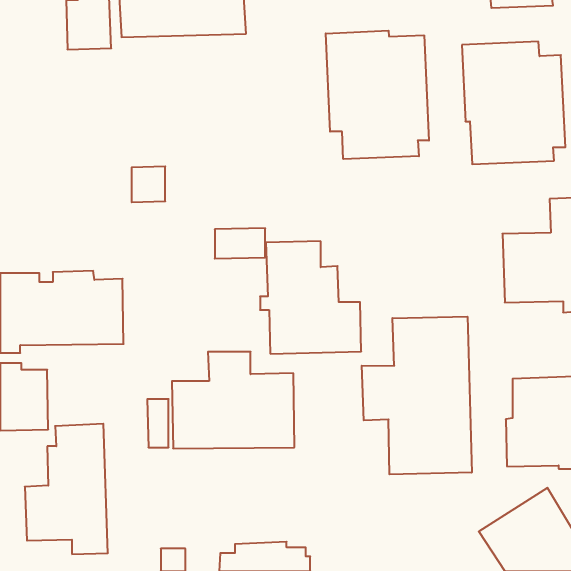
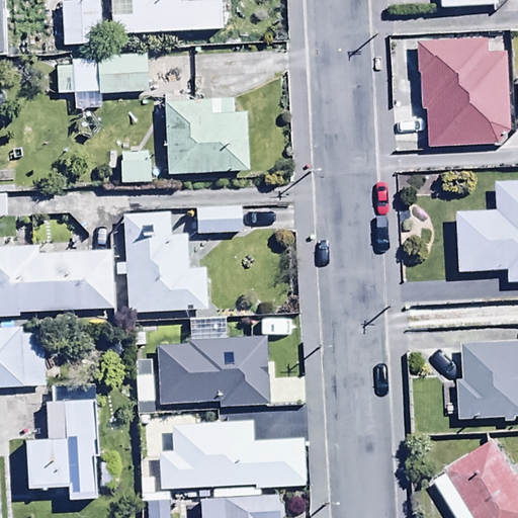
building: [326,31,429,159] -> none
building: none -> [57,54,149,93]
building: none -> [165,96,251,174]
building: [260,241,361,354] -> [117,212,208,314]
building: [362,317,472,474] -> none
building: none -> [160,409,306,489]

